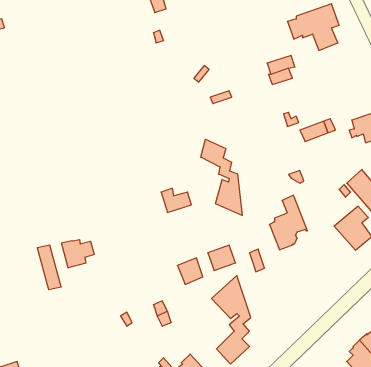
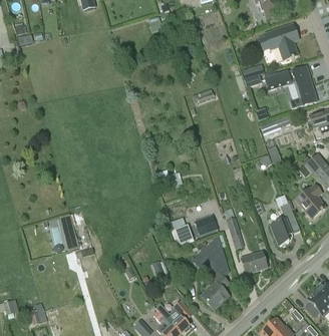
building: none -> [265,65,317,107]
building: [201,139,242,215] -> none
building: [269,195,307,250] -> [270,202,300,245]
building: [61,240,94,268] -> none
building: none -> [240,251,267,274]

